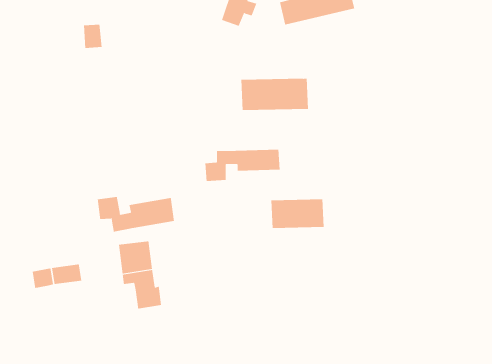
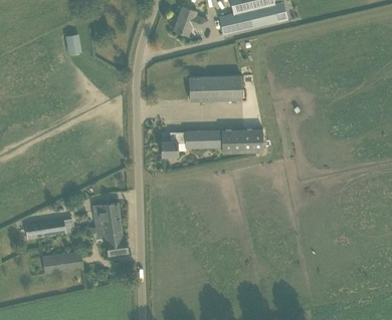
building: [97,196,174,233] -> none
building: [270,199,325,229] -> [221,129,263,152]
building: none -> [42,251,82,274]

